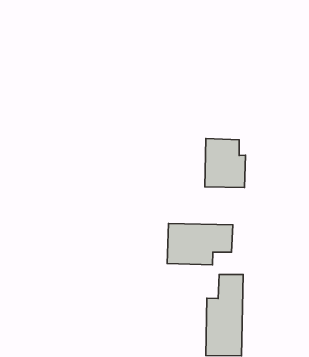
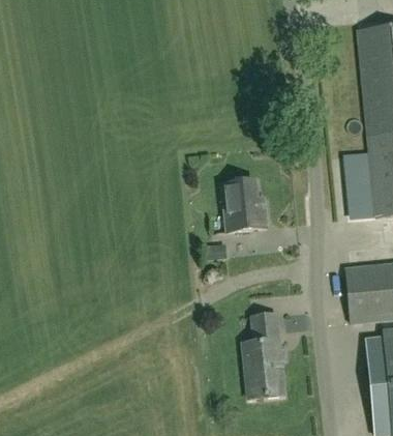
building: [167,223,233,265] -> none

